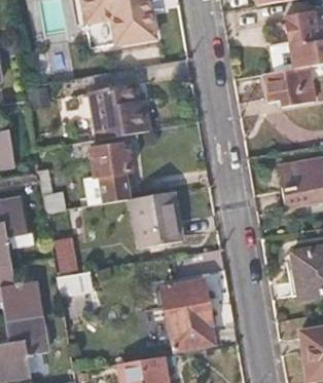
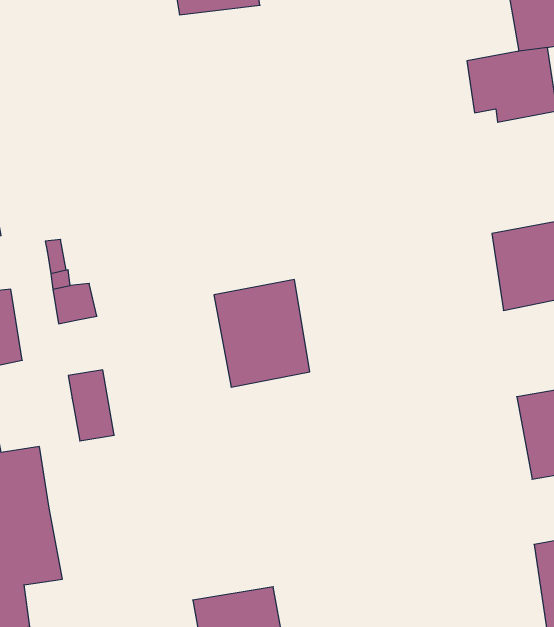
building: [89,85,150,139] -> none
building: [89,144,131,203] -> none
building: [162,279,212,351] -> none

